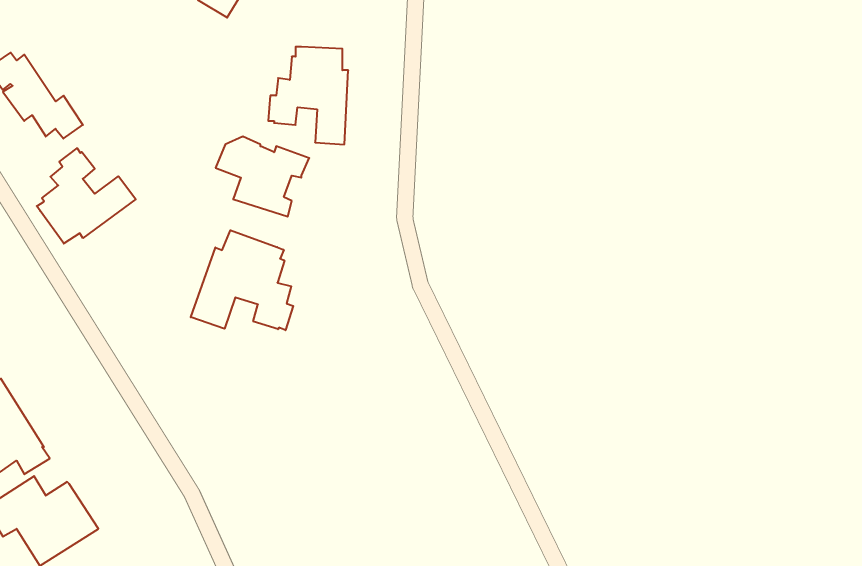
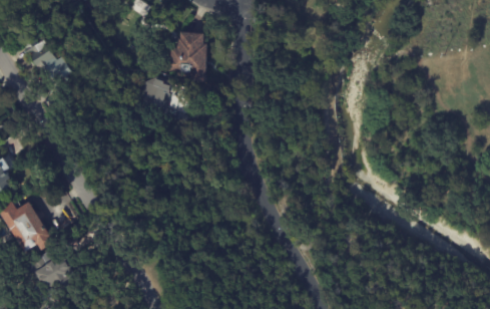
building: [37,148,136,244] -> none
building: [191,230,293,330] -> none

